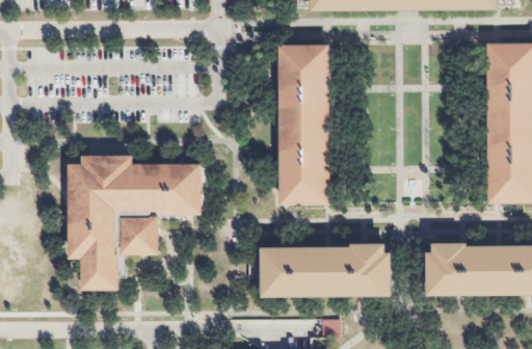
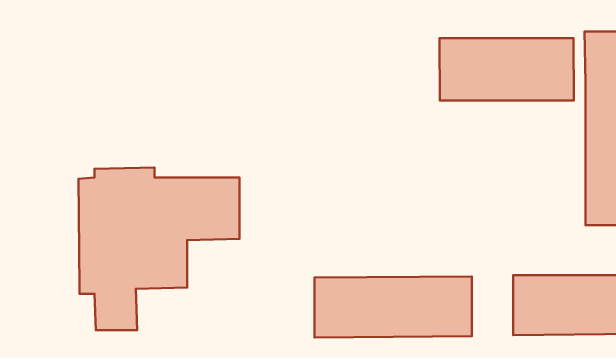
building: [280,45,330,206] -> none
building: none -> [439,38,574,100]

